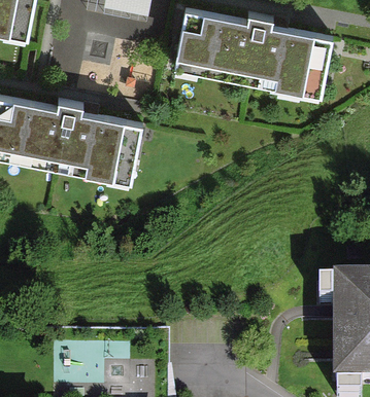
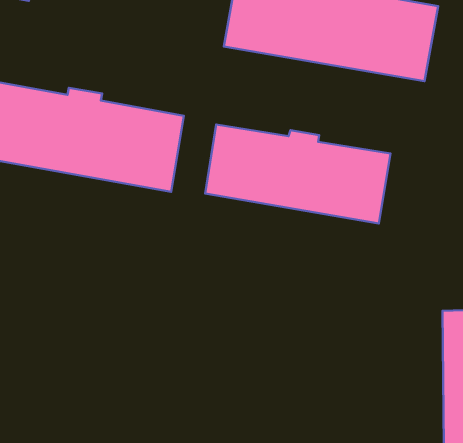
building: none -> [205,125,390,223]

